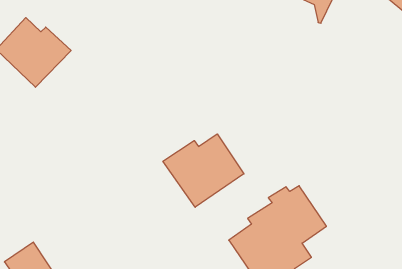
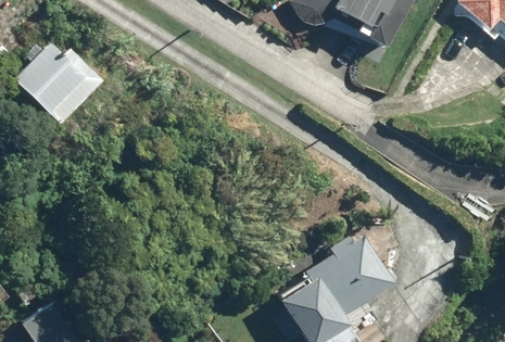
building: [163,134,244,207] -> none

